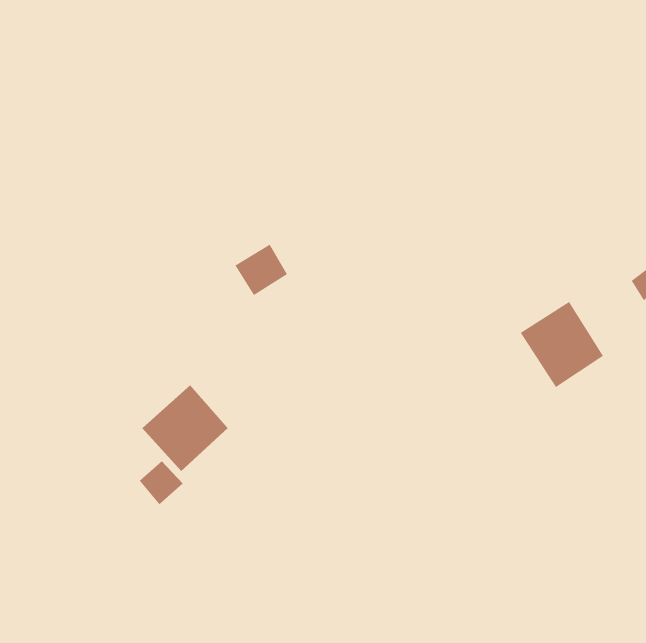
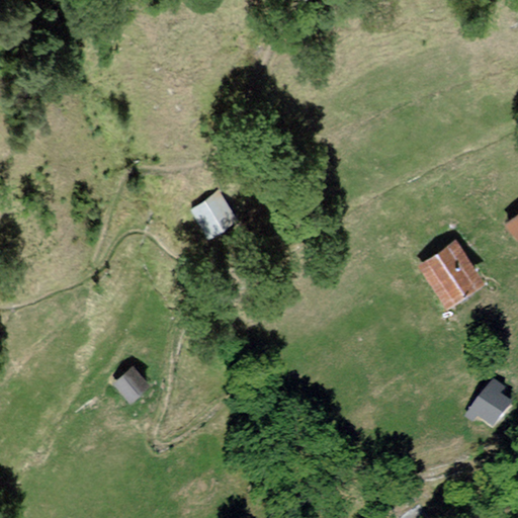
building: [142,385,229,472] -> none
building: none -> [464,384,511,433]

